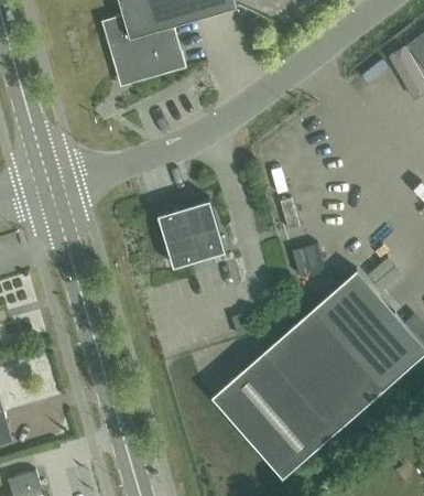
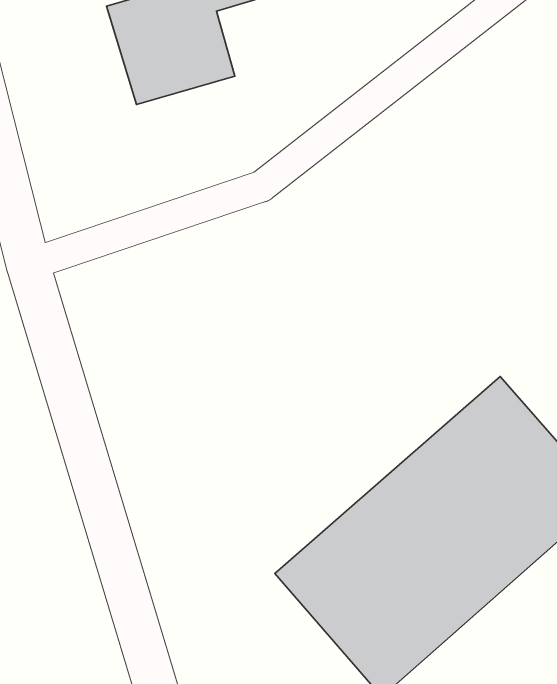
building: [156,201,225,268] -> none

